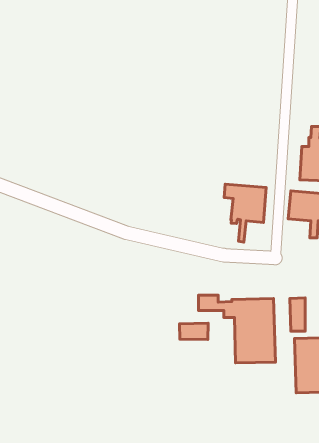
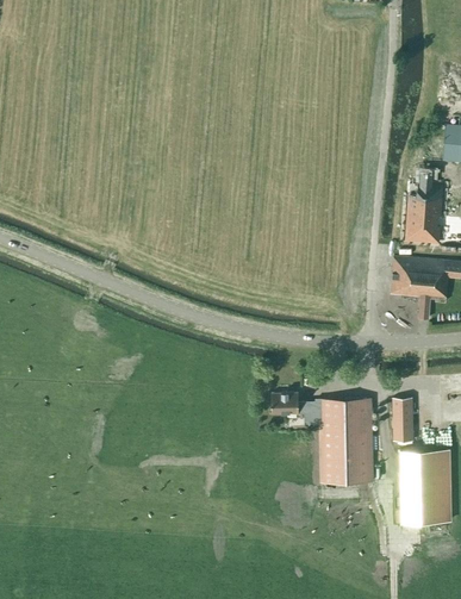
building: [224,184,266,242] -> none
building: [179,323,208,339] -> none

